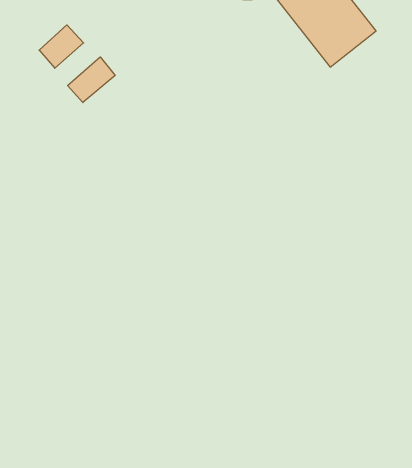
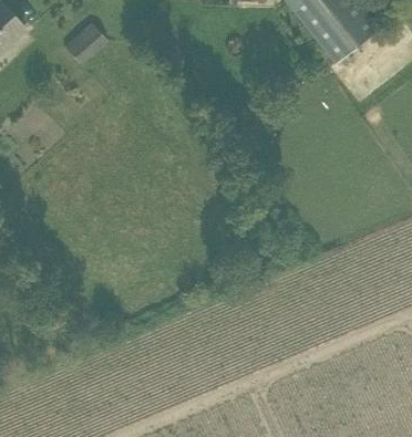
building: [68,57,115,103] -> none

